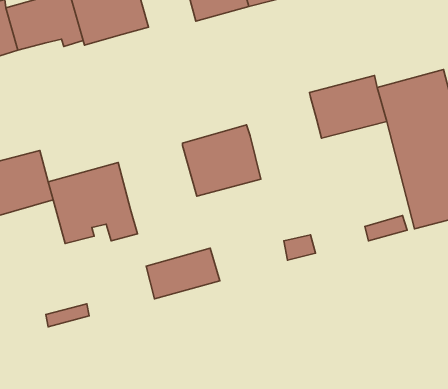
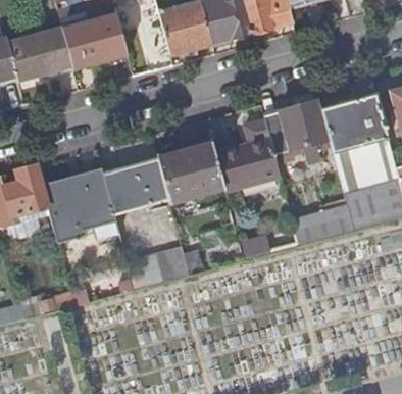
building: none -> [214,118,281,188]
building: none -> [103,159,167,213]

